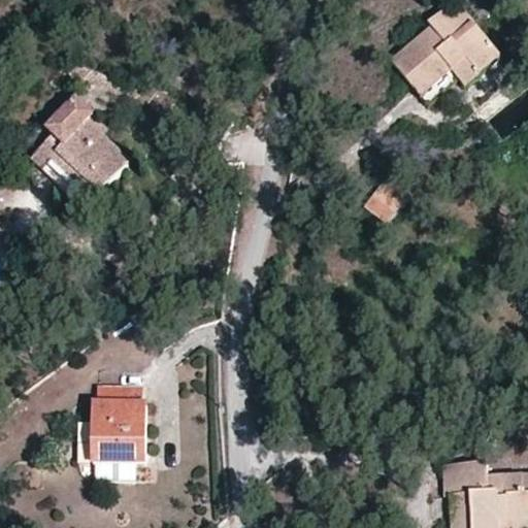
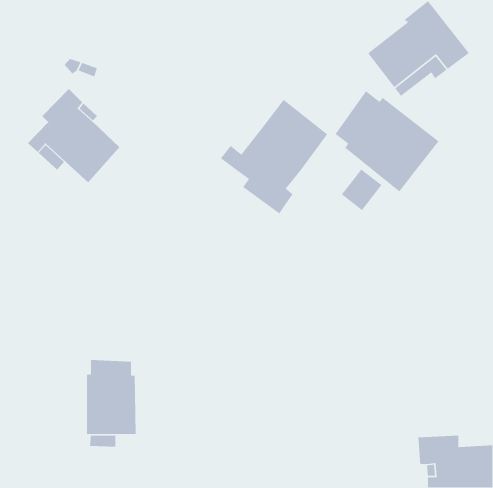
building: none -> [334,90,439,193]
building: none -> [220,99,328,214]

